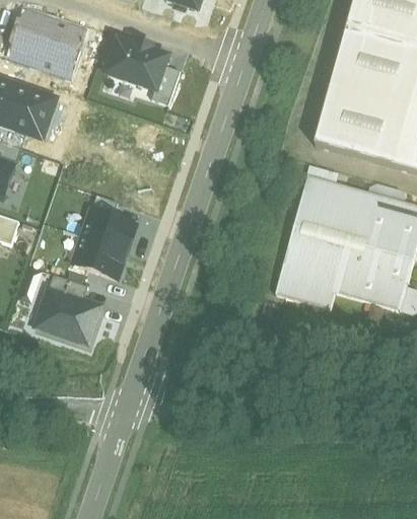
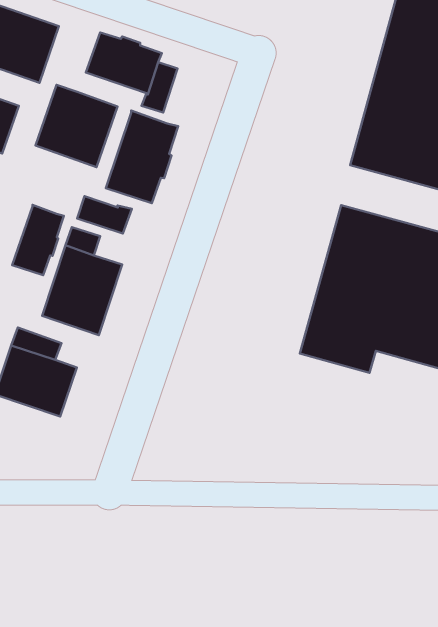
building: none -> [35,85,117,167]
building: none -> [106,111,178,203]
building: none -> [77,196,132,234]
building: none -> [12,205,64,275]

